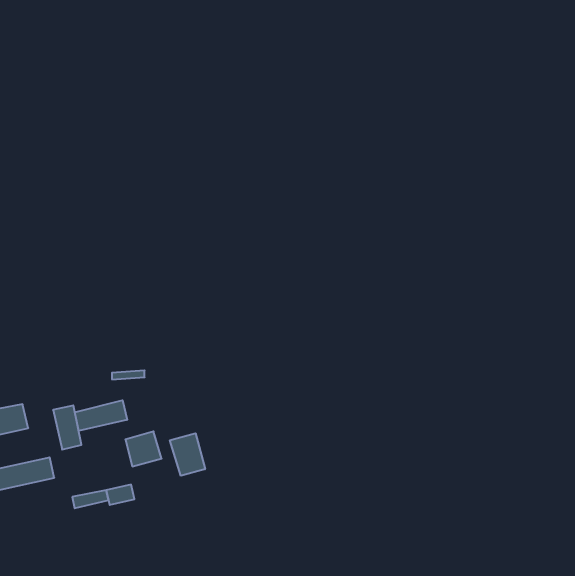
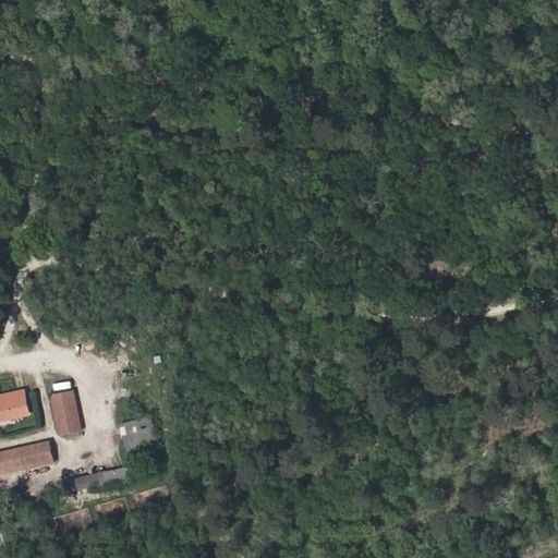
building: [75,400,127,431] -> none
building: [170,433,205,476] -> none

